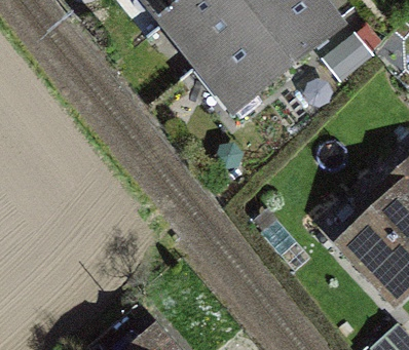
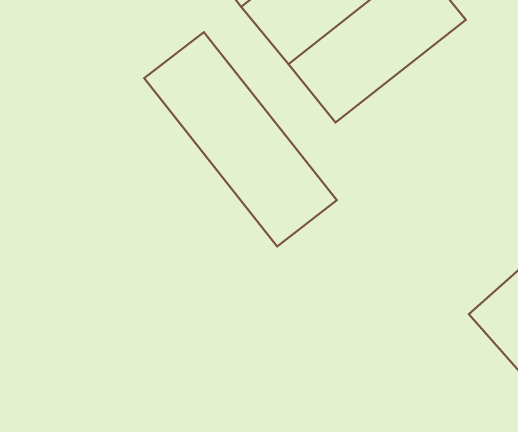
building: none -> [144,32,337,246]

